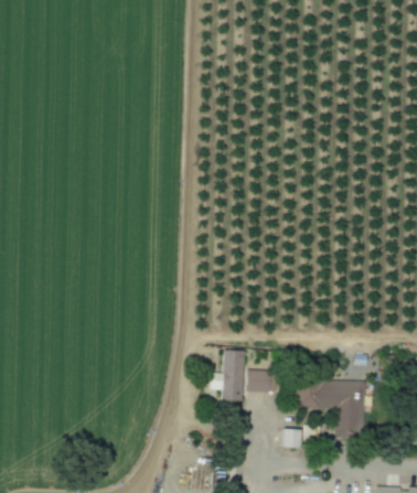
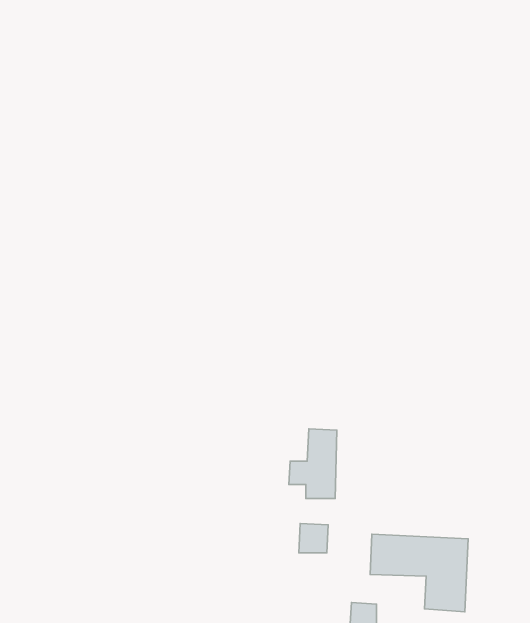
building: [211,351,245,400] -> [289,429,337,499]

